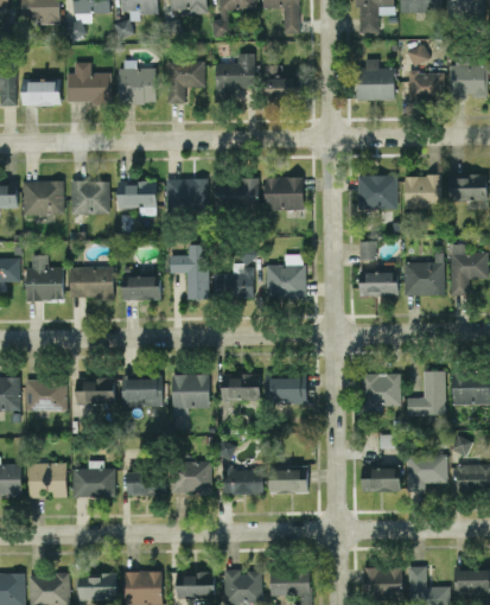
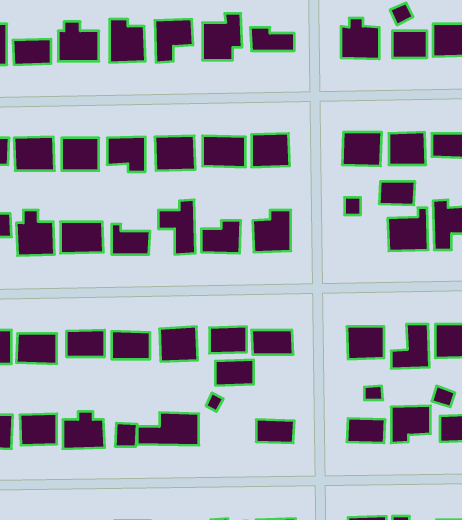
building: [359,273,396,297] -> [379,182,415,205]
building: [223,469,262,495] -> [215,360,254,385]

